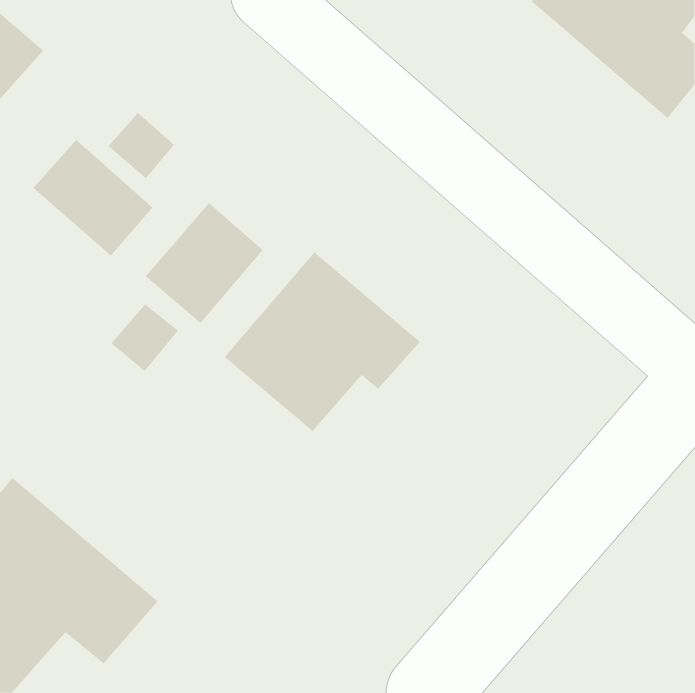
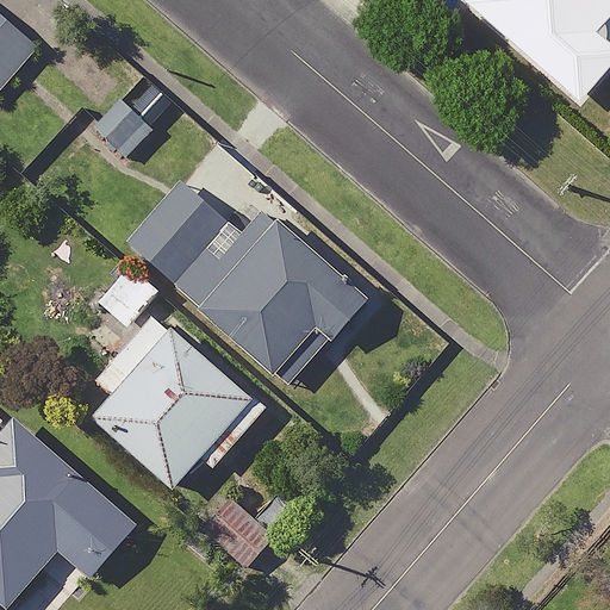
building: [32,139,153,257] -> none
building: none -> [88,325,251,490]

